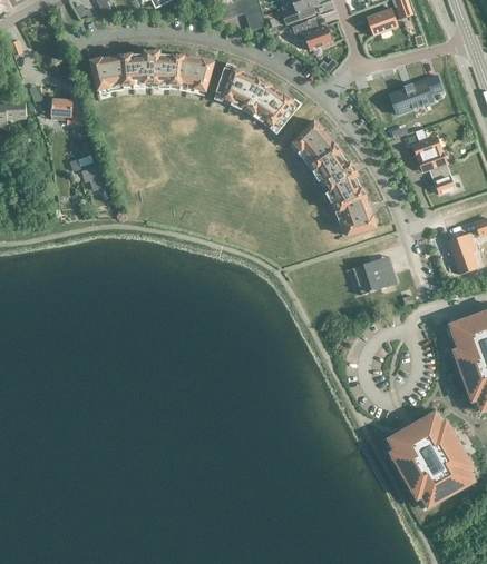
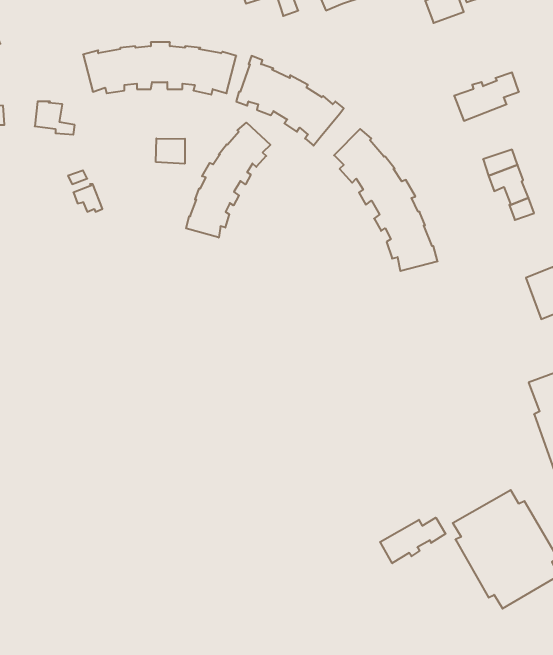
building: [303,24,332,50] -> none
building: none -> [186,123,270,238]
building: none -> [156,138,185,164]
building: [351,258,397,294] -> none
building: none -> [380,518,446,563]

